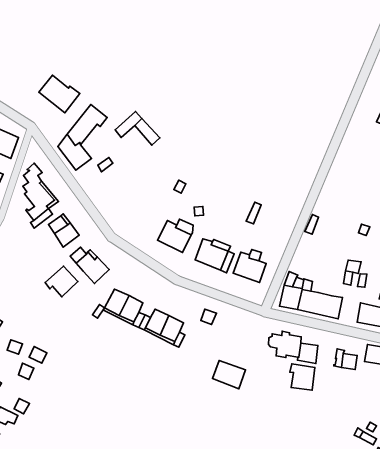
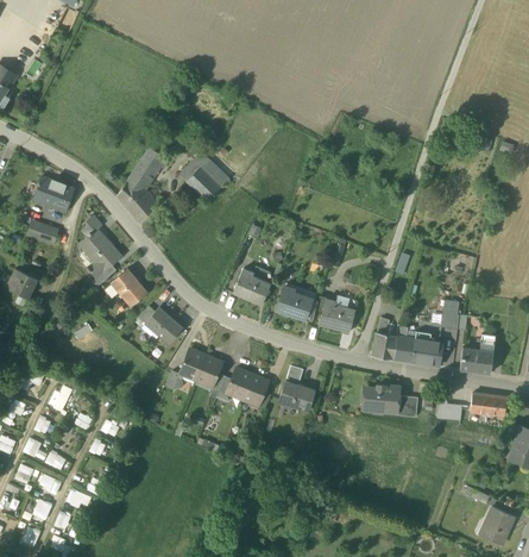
building: [39,75,80,113] -> none
building: none -> [185,168,220,202]
building: [45,266,78,297] -> none
building: [213,361,246,389] -> [278,382,314,412]
building: [290,364,315,390] -> none

